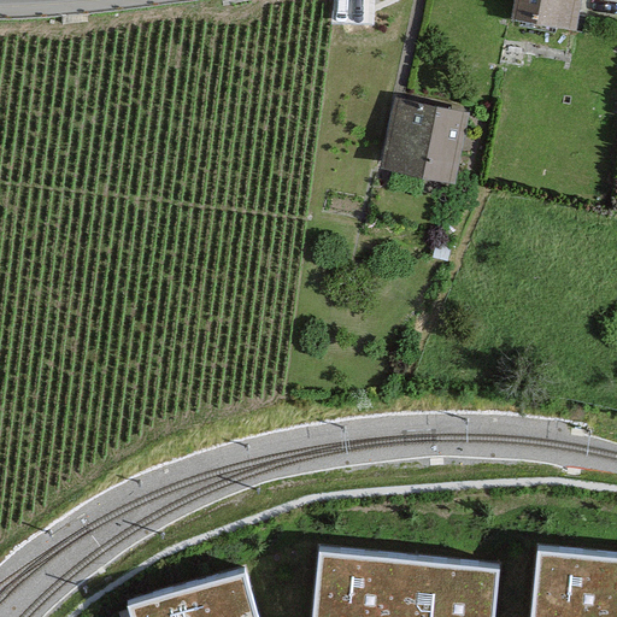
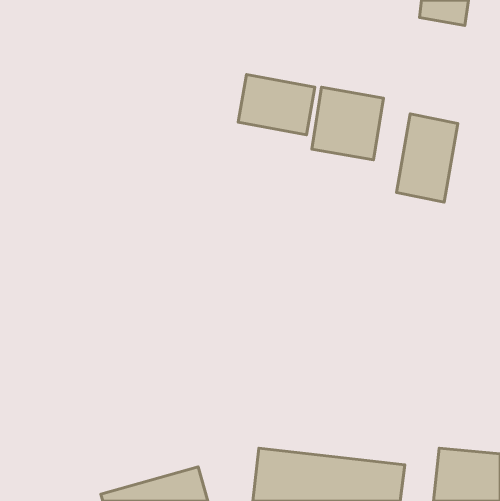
building: none -> [238,75,315,135]
building: none -> [397,114,458,202]

